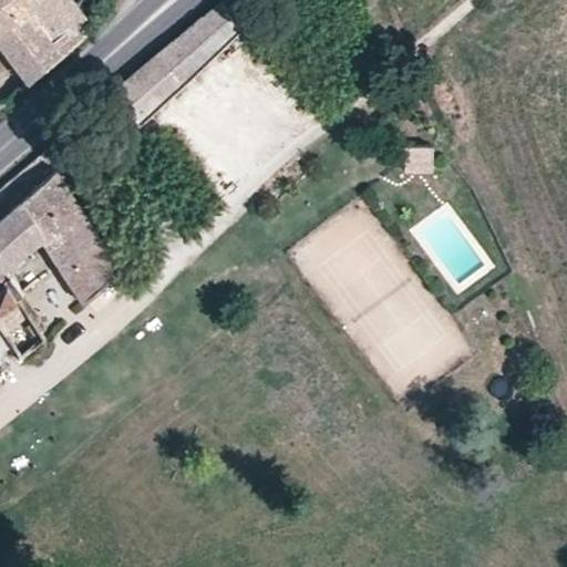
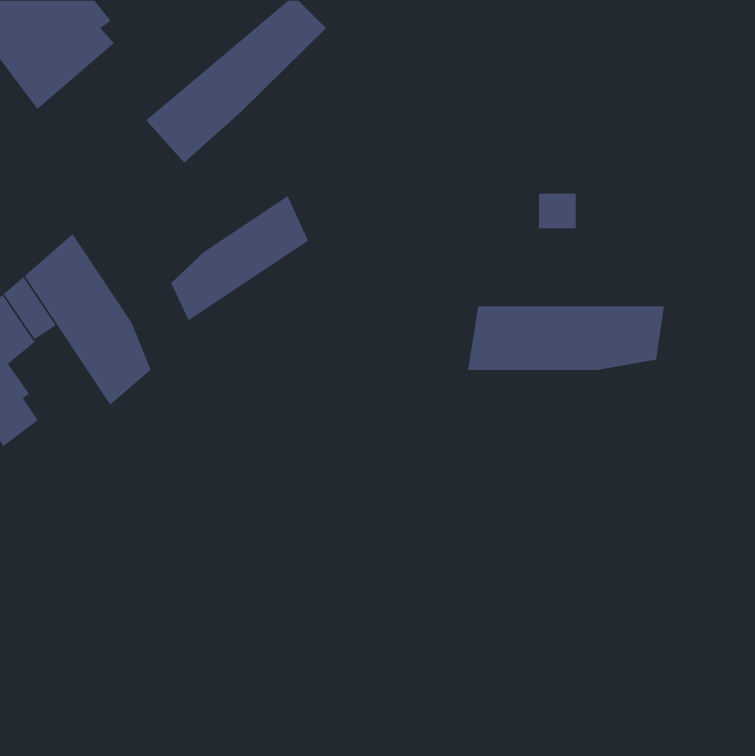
building: none -> [170,195,309,321]
building: none -> [467,305,664,371]

